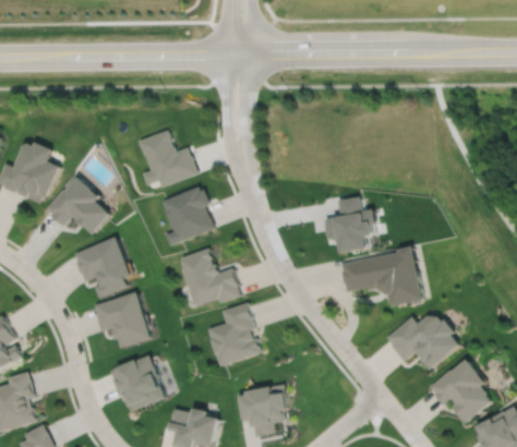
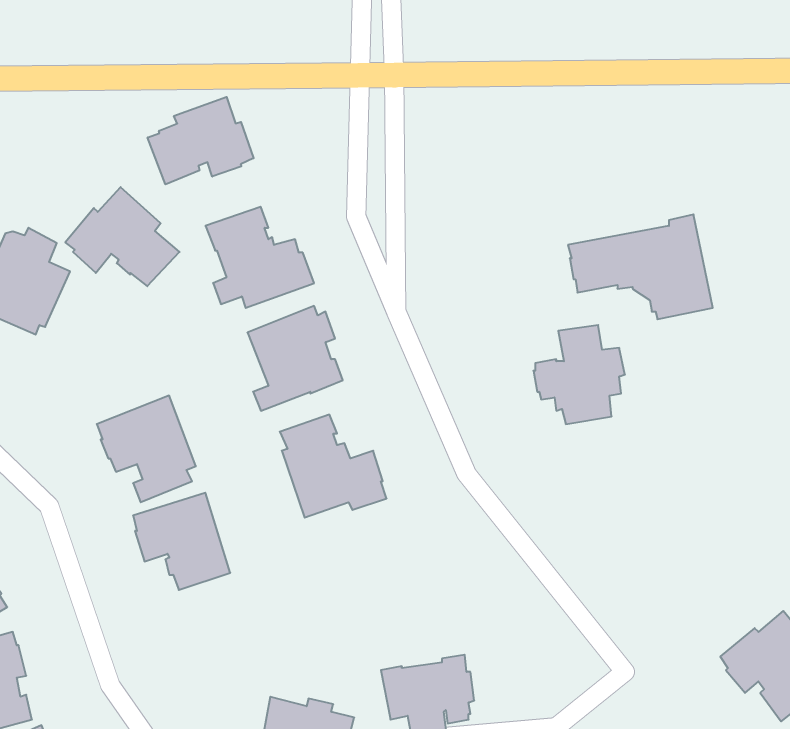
building: none -> [148,97,254,184]
building: [45,177,110,233] -> [65,187,180,286]
building: [340,246,423,306] -> [568,214,713,319]
building: [207,302,261,366] -> none
building: [386,316,460,370] -> none
building: [111,355,166,411] -> none

